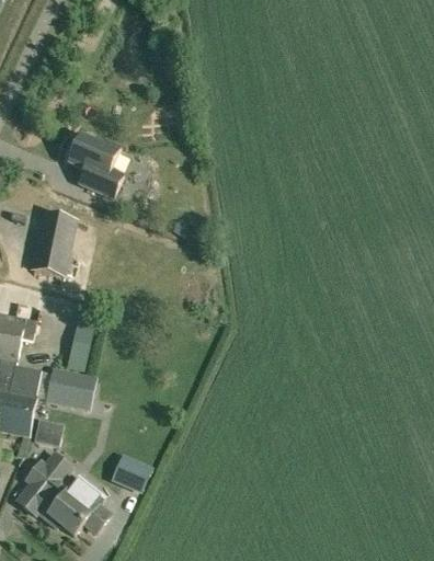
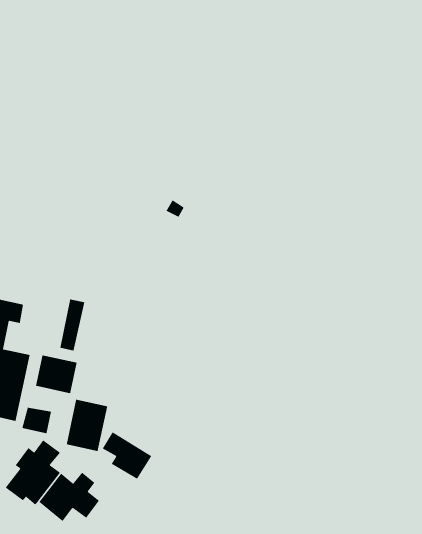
building: [68,135,123,197] -> none
building: [28,210,77,277] -> none
building: none -> [66,399,108,452]

